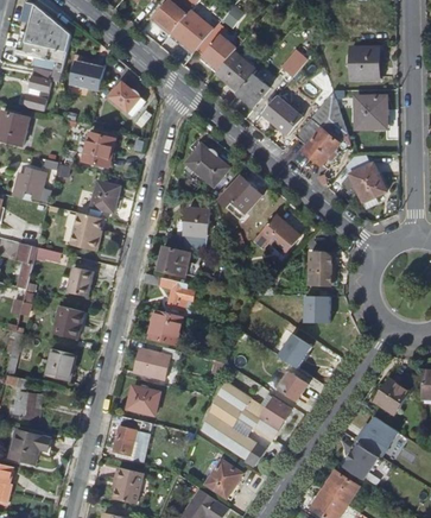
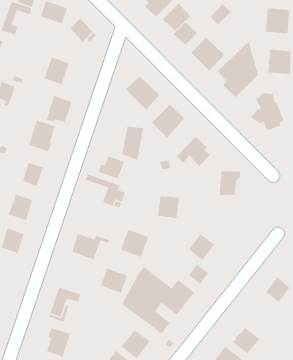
building: [304,297,330,324] -> [157,195,180,219]
building: [150,310,184,345] -> [120,229,149,258]
building: [127,385,160,416] -> [100,268,128,294]
building: [356,417,398,456] -> none

